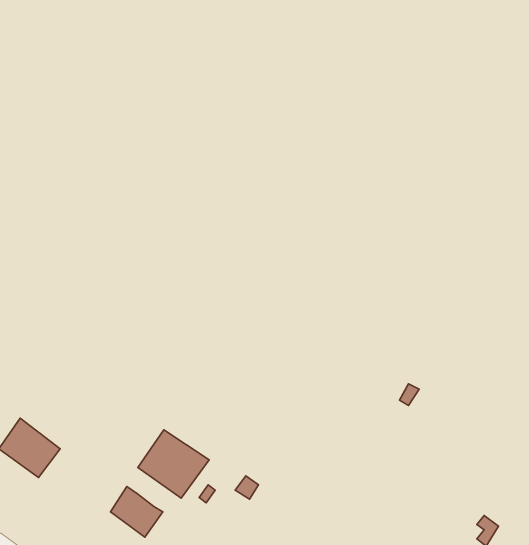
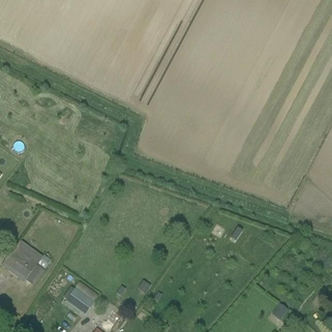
building: [138,430,209,498] -> none

